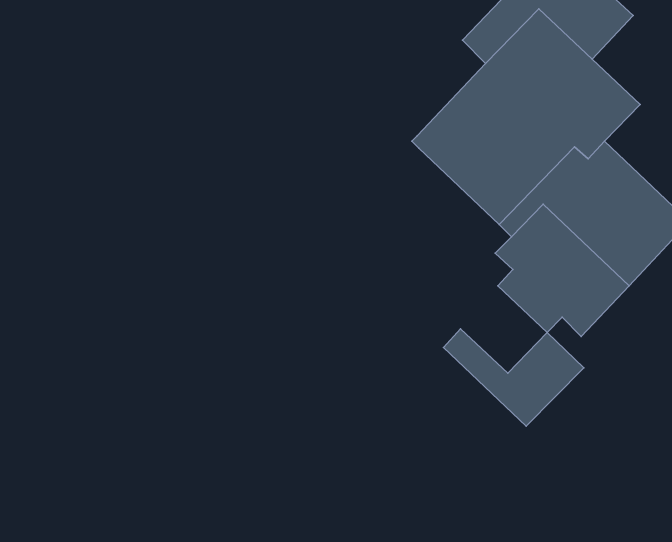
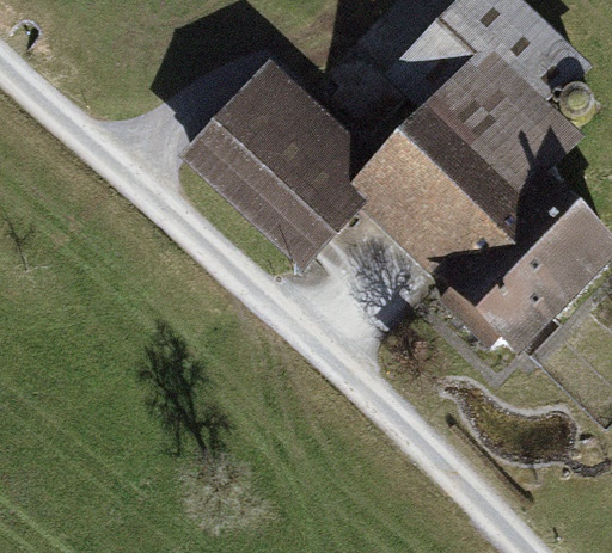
building: none -> [191,70,372,253]
building: [443,329,584,426] -> none

